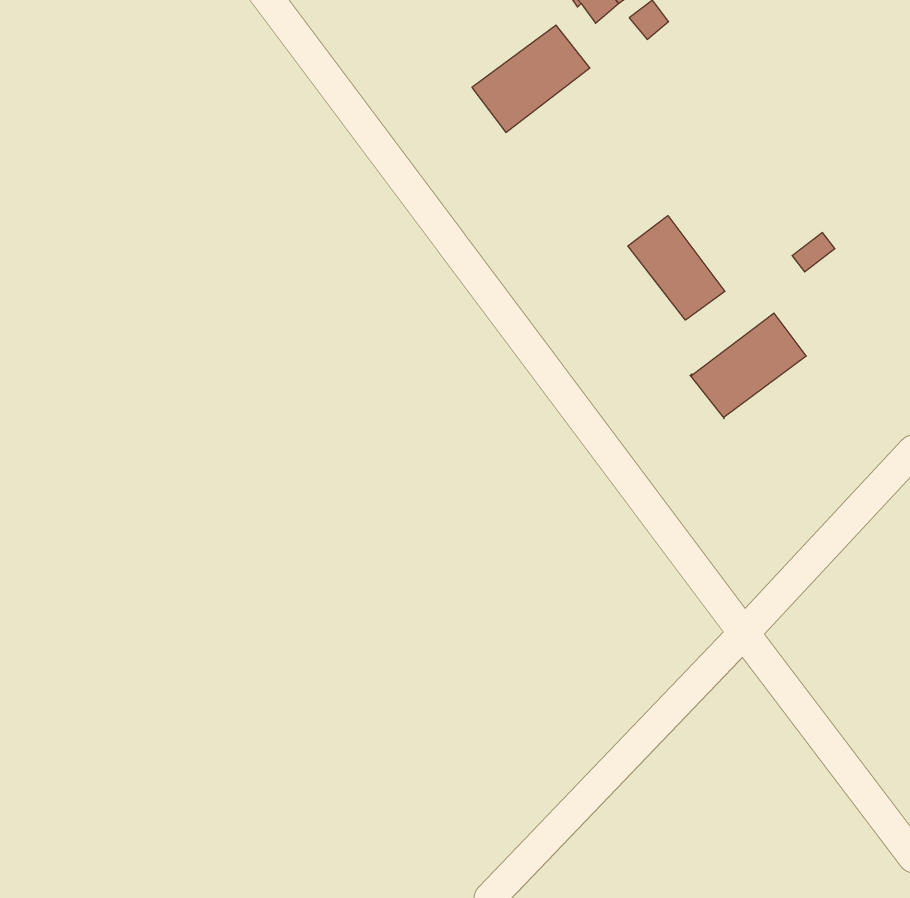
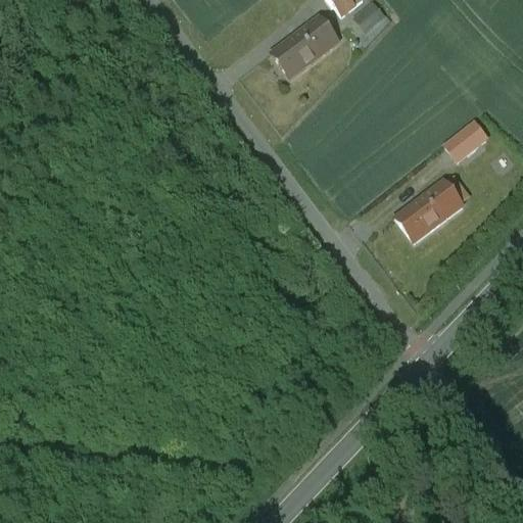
building: [628,216,725,320] -> none

